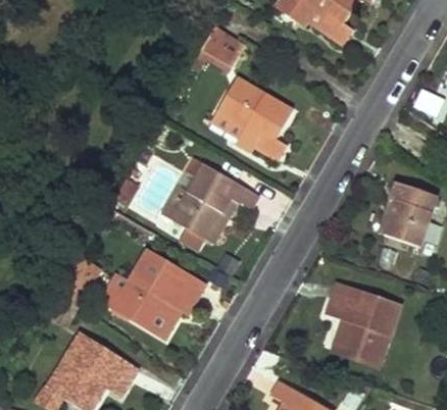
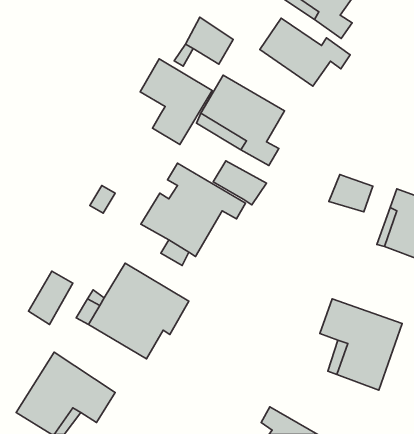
building: none -> [260,18,350,86]
building: none -> [140,59,212,144]
building: none -> [213,161,267,205]
building: none -> [329,174,373,212]

